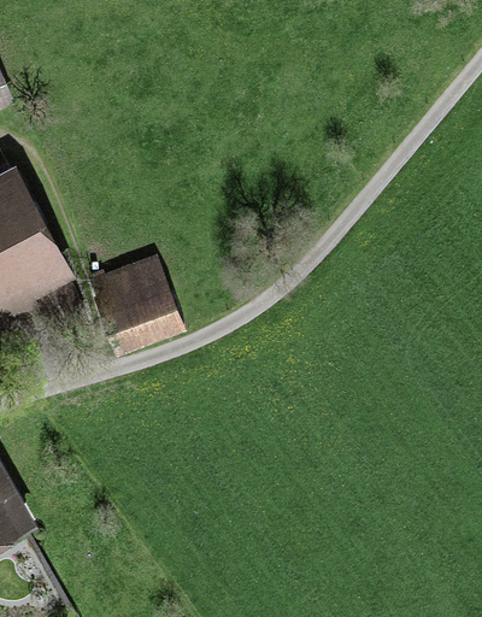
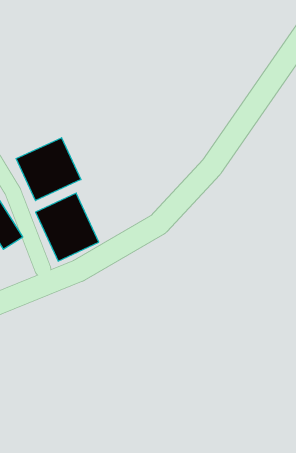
building: none -> [16,138,81,201]

